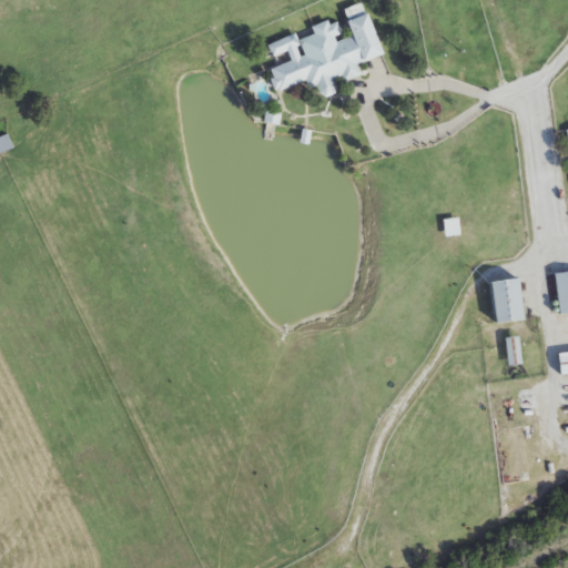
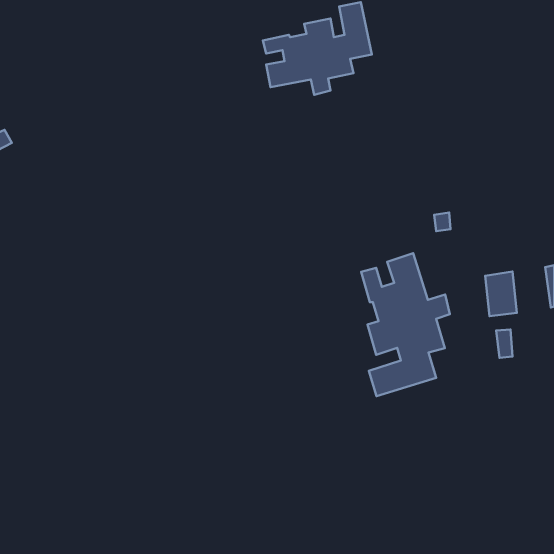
building: none -> [361,253,450,396]

